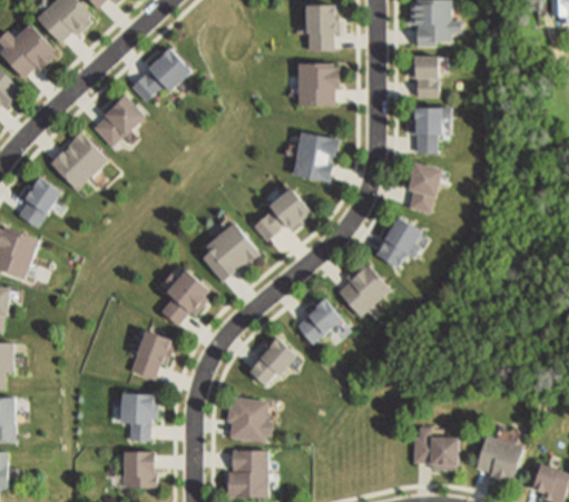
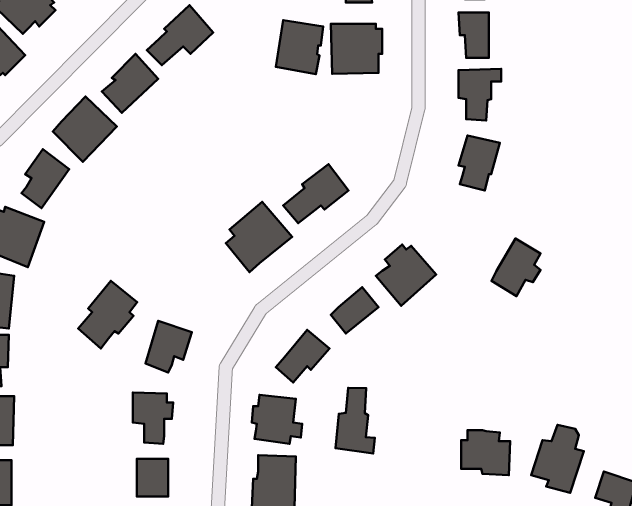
building: [293,132,335,180] -> [276,20,323,74]
building: [376,217,420,268] -> [492,238,540,296]
building: [160,273,213,333] -> [78,281,137,349]
building: none -> [335,388,375,454]

